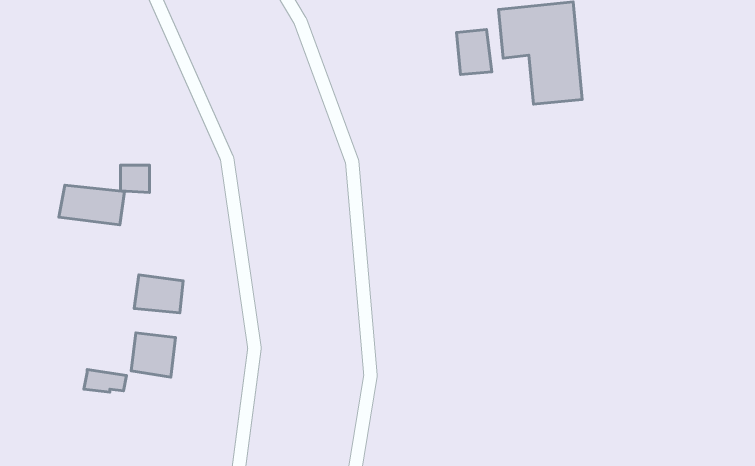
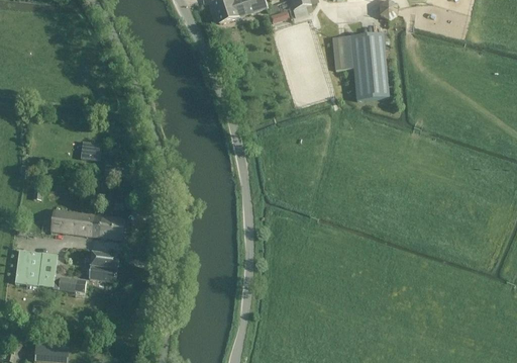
building: [456,29,492,75] -> none
building: [59,185,124,225] -> [50,209,94,236]
building: none -> [15,249,58,286]

